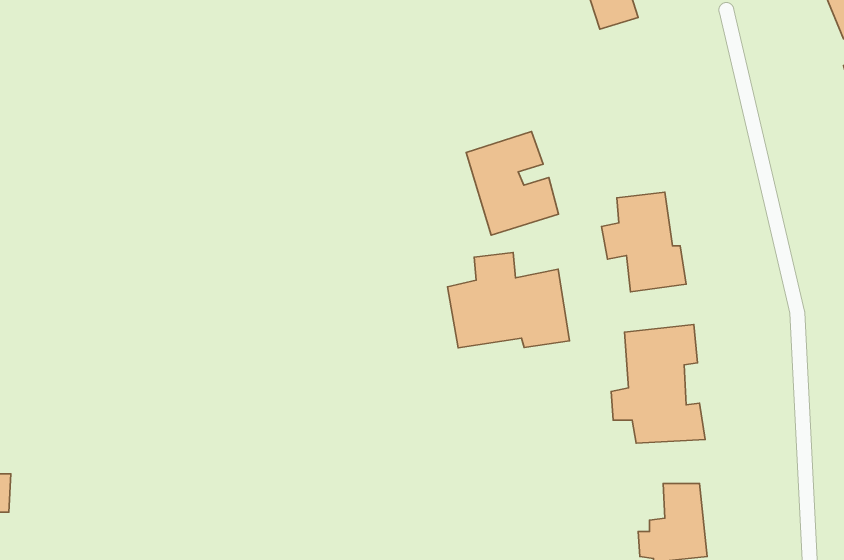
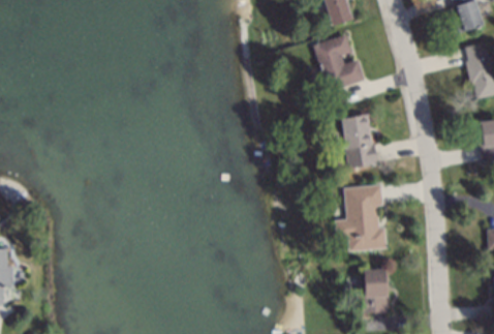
building: [466,132,558,235] -> [311,33,361,89]
building: [447,253,570,348] -> none

